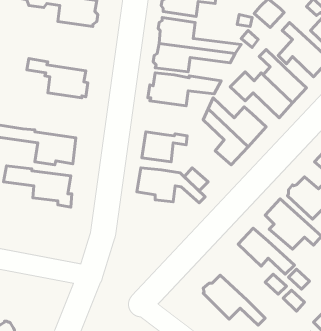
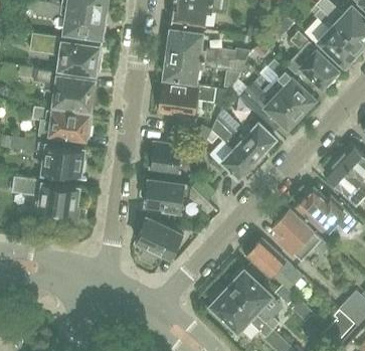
building: none -> [29,35,101,72]
building: none -> [33,107,90,140]
building: none -> [136,217,183,258]
building: none -> [228,270,279,330]

